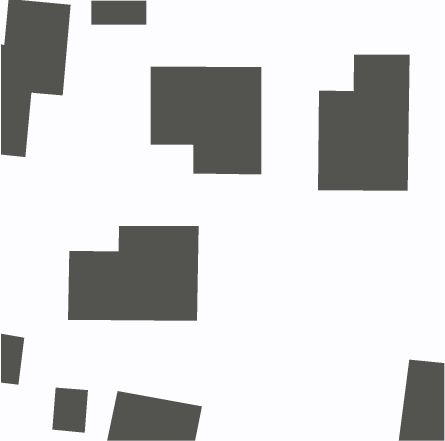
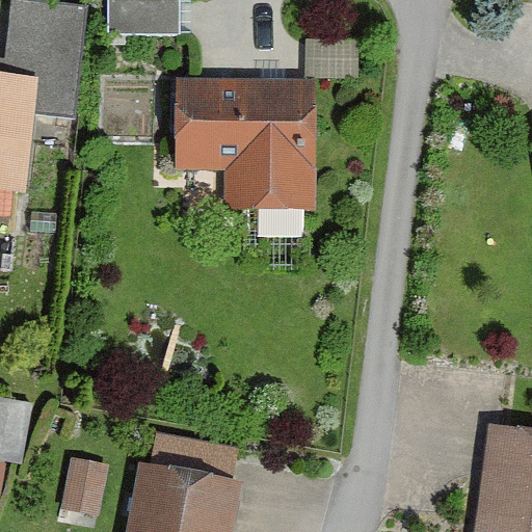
building: [317,54,410,192] -> none
building: [68,225,199,321] -> none

